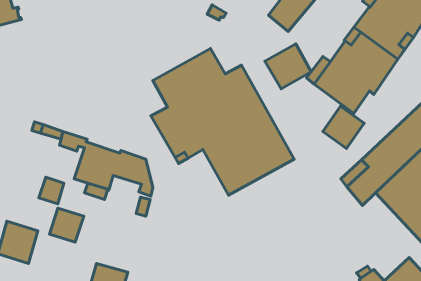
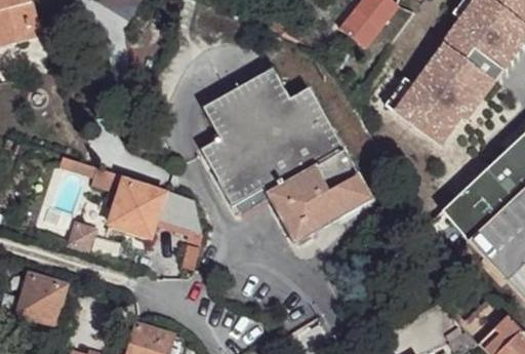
building: [265,44,311,89] -> none
building: [323,106,364,148] -> none
building: [50,208,84,242] -> none

